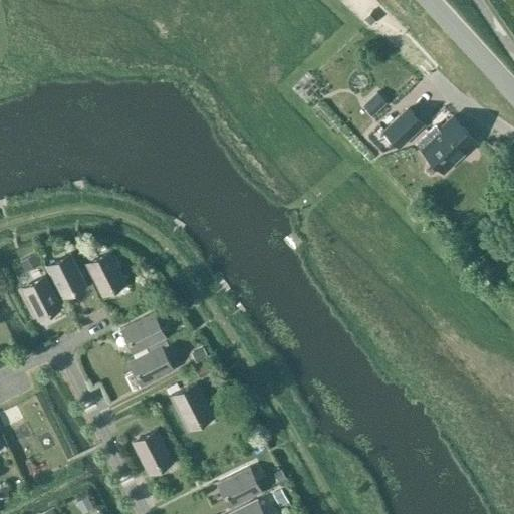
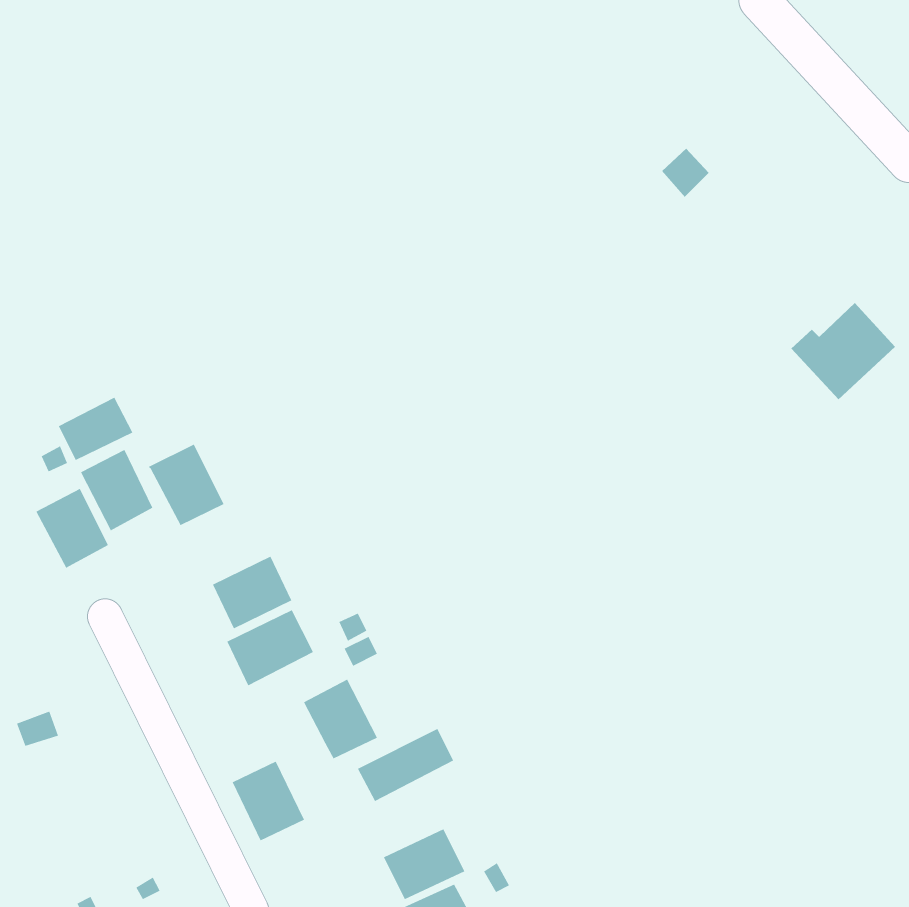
building: [383,110,421,148] -> none
building: [416,117,475,173] -> [791,302,896,400]
building: none -> [58,397,133,461]
building: none -> [357,728,454,802]

